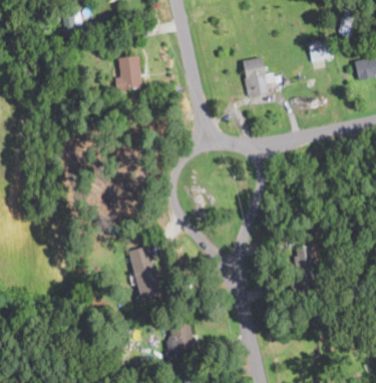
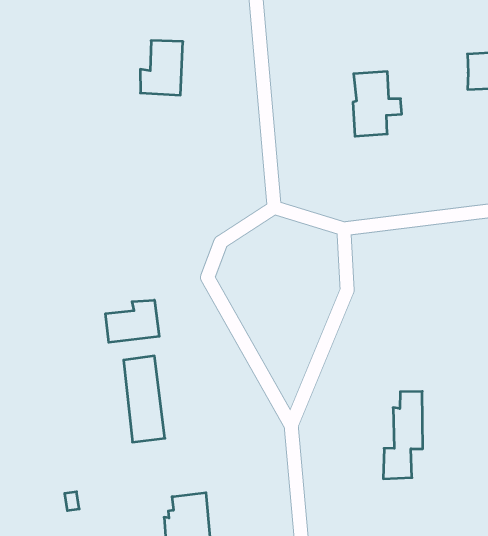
building: none -> [106,300,159,342]

